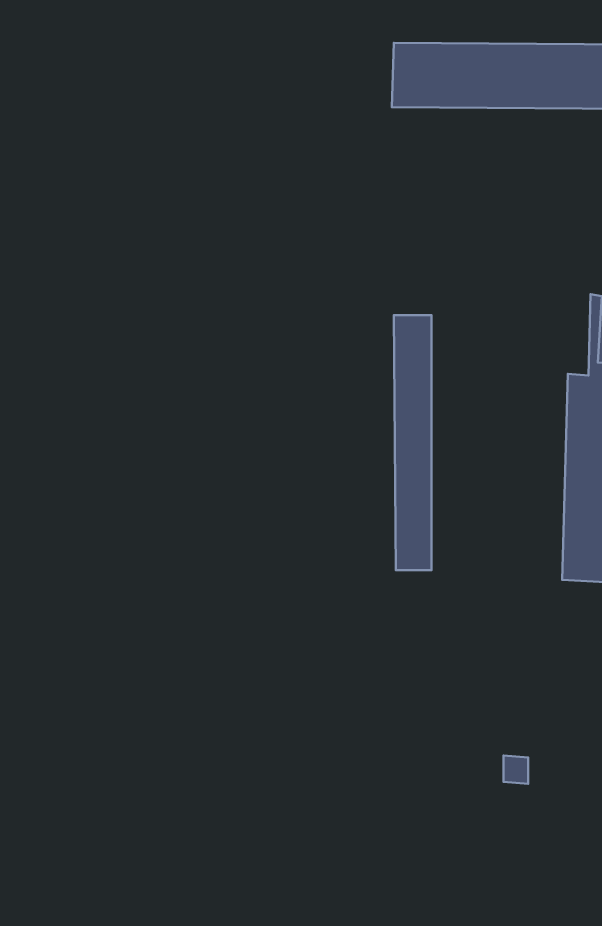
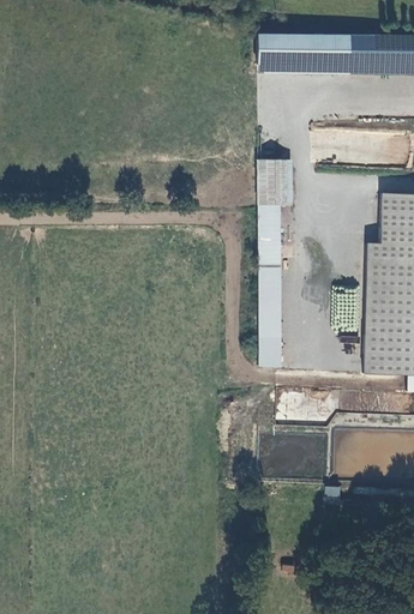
building: none -> [257,159,293,206]

